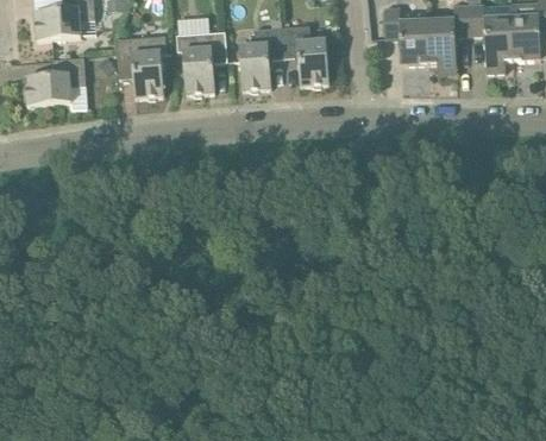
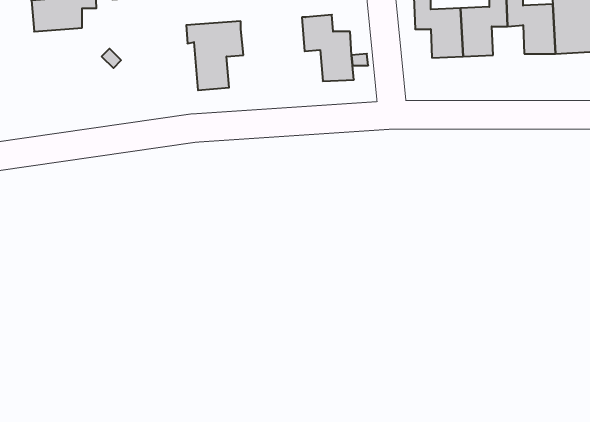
building: [238,27,283,90] -> none
building: [115,34,165,97] -> none
building: [24,57,87,109] -> none

